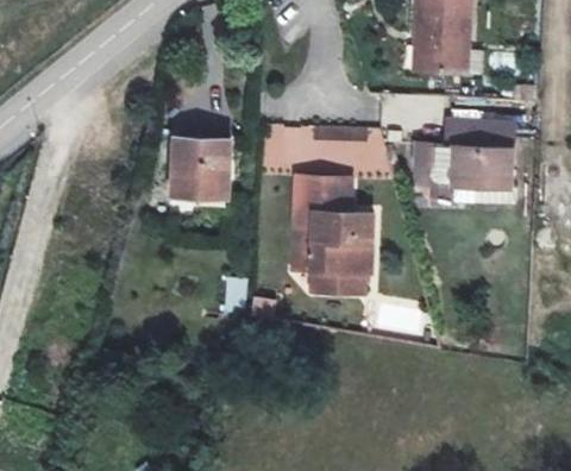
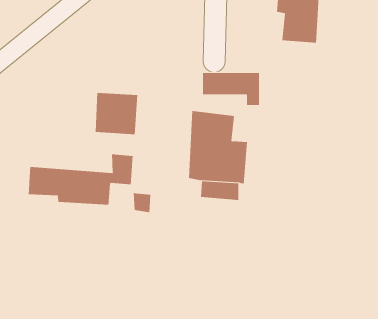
building: [416,125,512,193] -> none
building: none -> [28,154,133,206]

